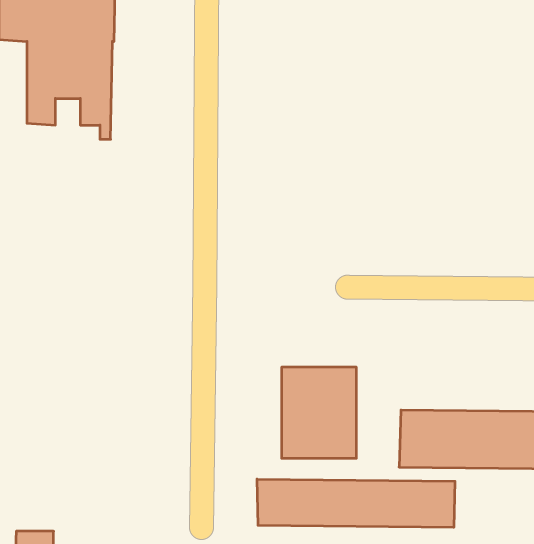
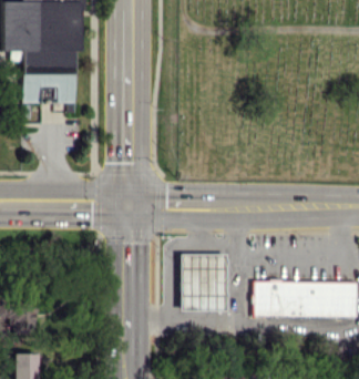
building: [257,479,455,527] -> none

